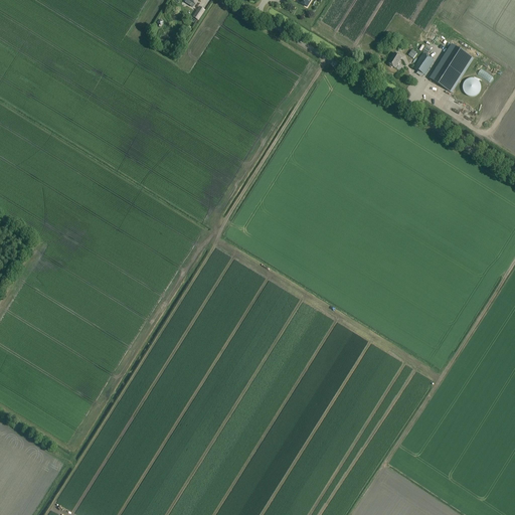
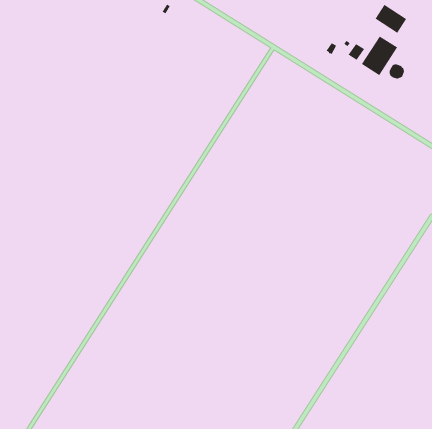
building: none -> [374,4,407,34]

